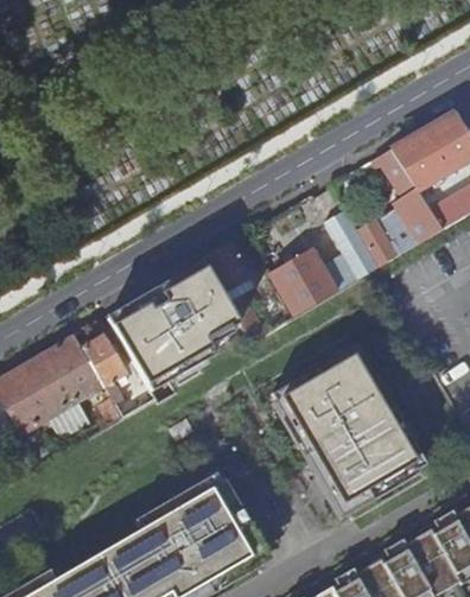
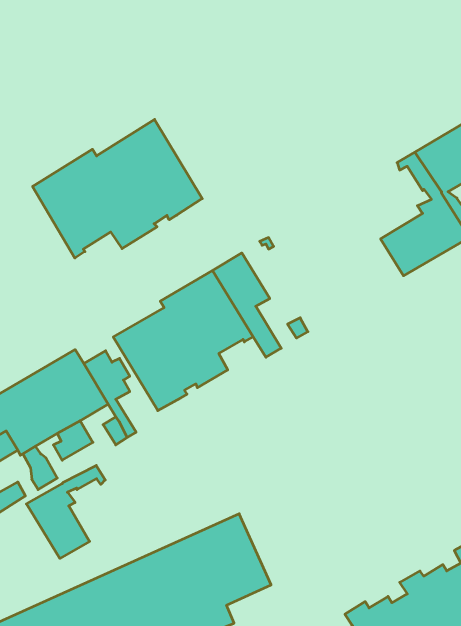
building: none -> [33,119,202,258]
building: [271,210,379,316] -> none
building: [271,341,426,510] -> none
building: none -> [26,465,105,558]

